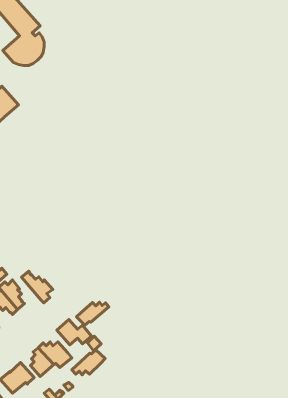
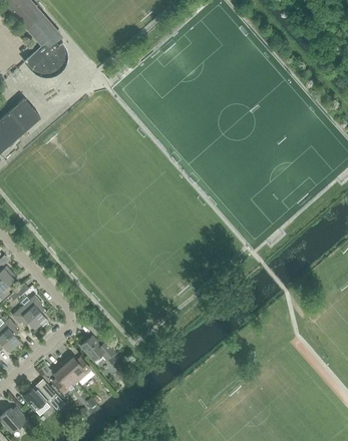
building: [22,271,53,303] -> none
building: [77,302,109,325] -> none
building: [72,350,105,375] -> none

